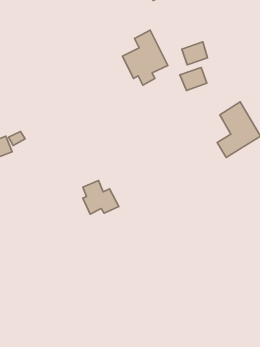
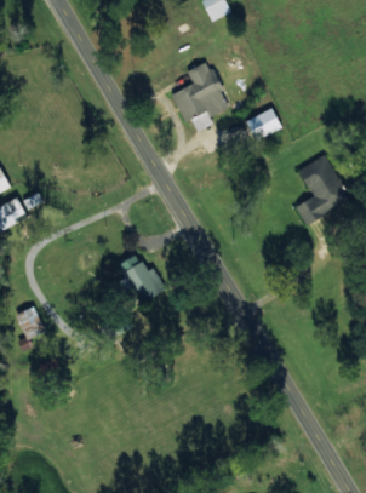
building: [182,42,208,65] -> none
building: none -> [17,306,44,339]

